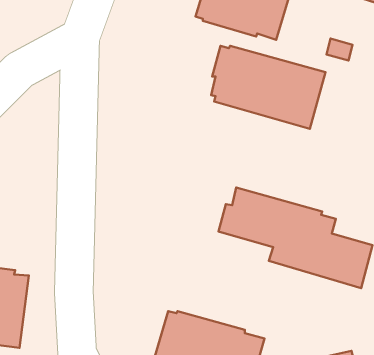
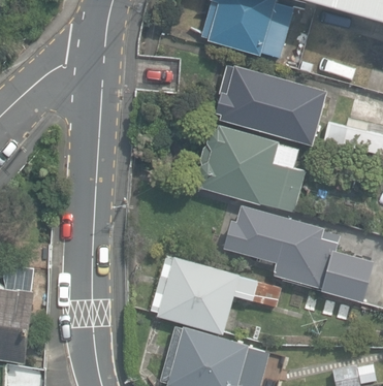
building: none -> [196,123,305,212]
building: none -> [149,255,280,334]

